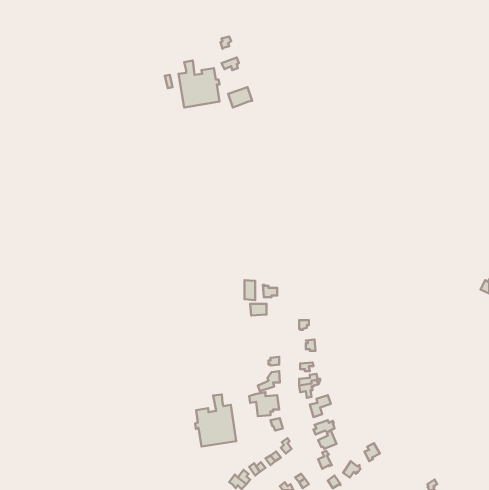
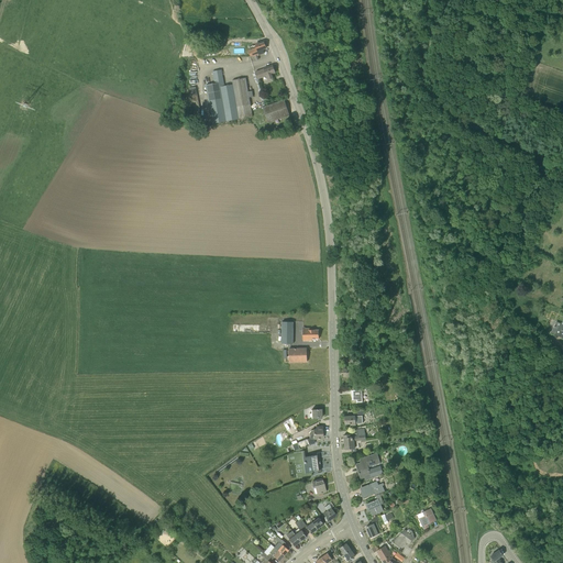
building: [195,395,236,447] -> none

